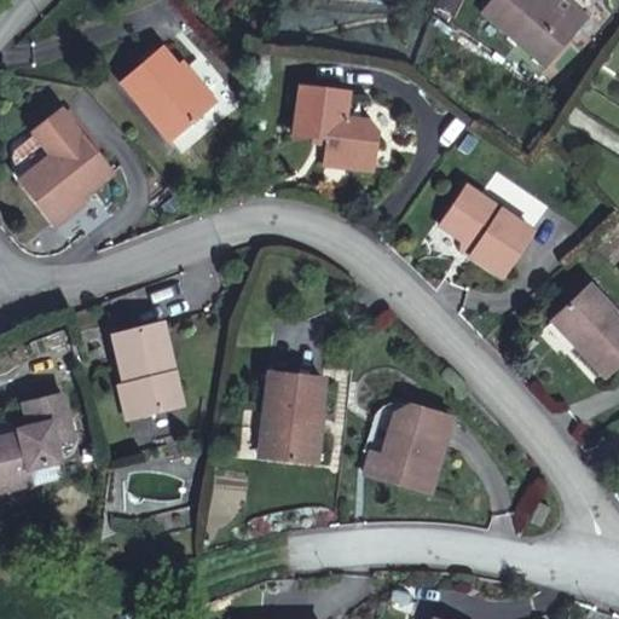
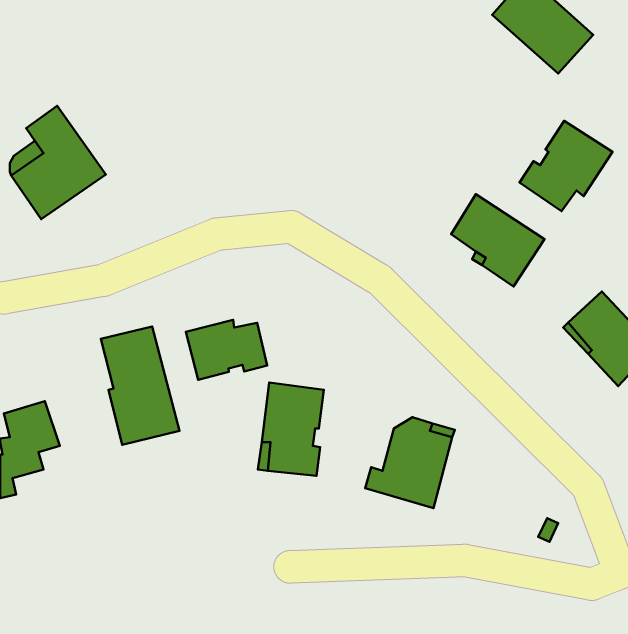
building: [123,48,210,138] -> none
building: [296,86,378,172] -> none
building: none -> [520,121,613,211]
building: none -> [186,320,267,380]

